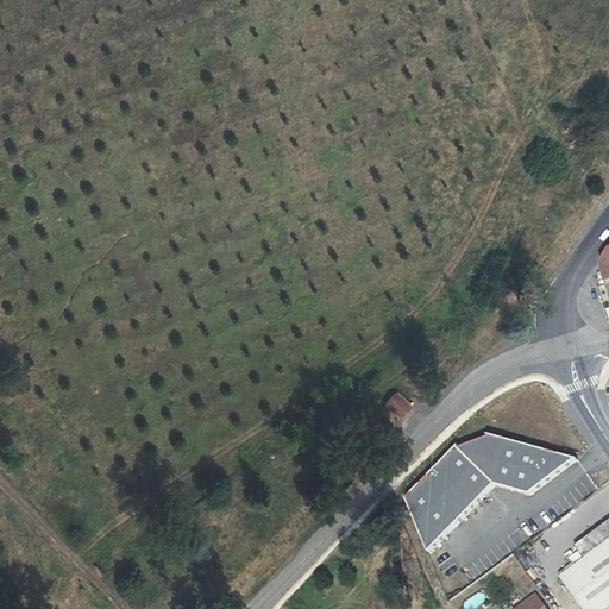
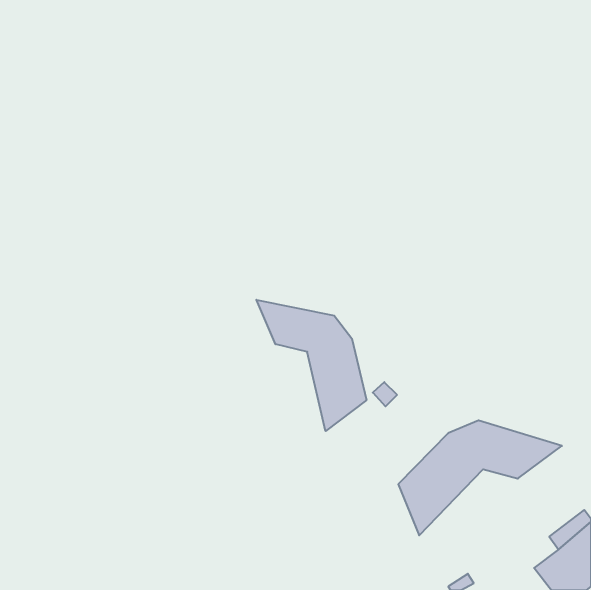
building: none -> [256,300,366,431]

